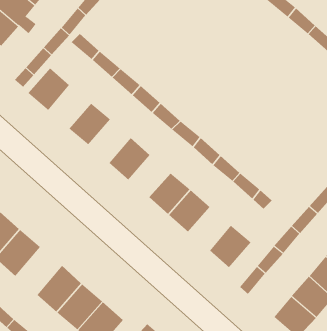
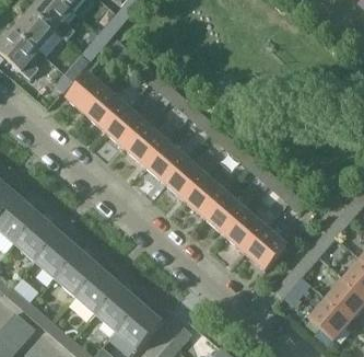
building: none -> [86,89,128,131]
building: none -> [126,123,167,165]
building: none -> [165,158,207,199]
building: none -> [224,209,266,252]
building: none -> [54,249,99,296]

